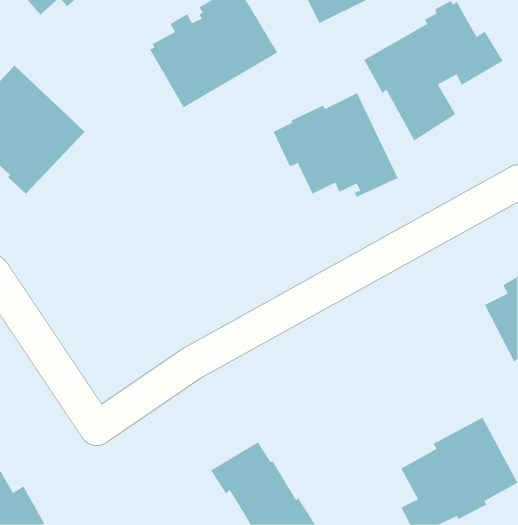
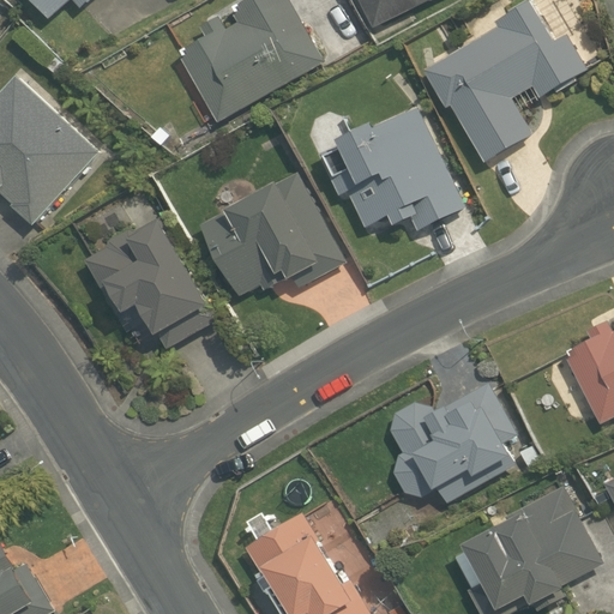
building: none -> [199,171,345,296]
building: none -> [84,218,215,349]
building: none -> [390,383,514,504]

